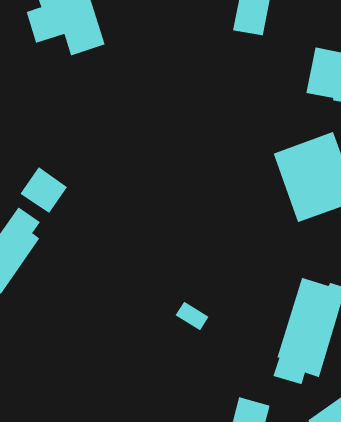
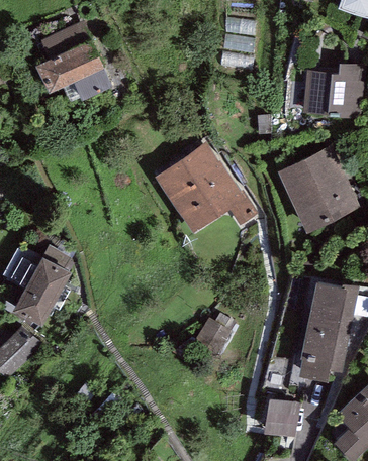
building: none -> [154,141,258,233]
building: [20,166,68,214] -> none

